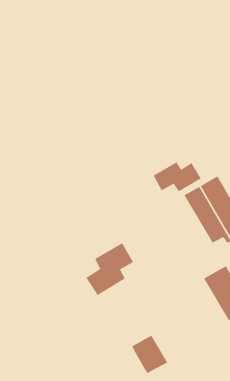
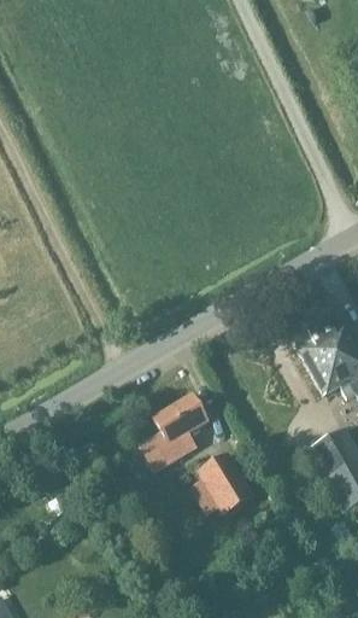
building: [153,161,201,192] -> none
building: [131,335,168,374] -> [199,456,253,514]

